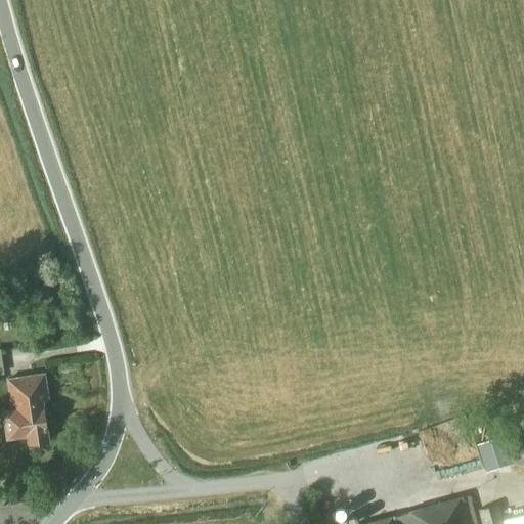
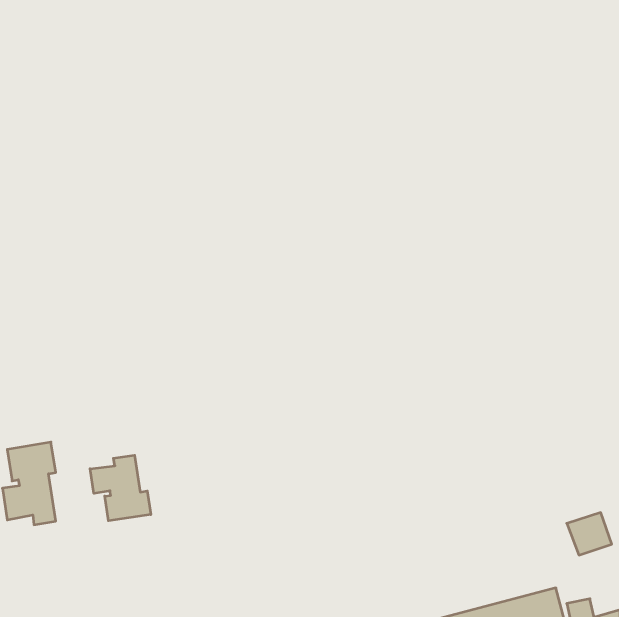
building: none -> [90,455,151,521]

